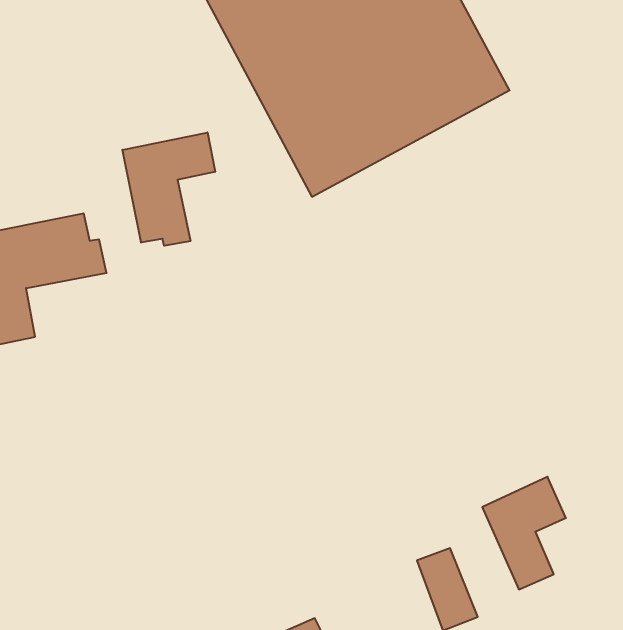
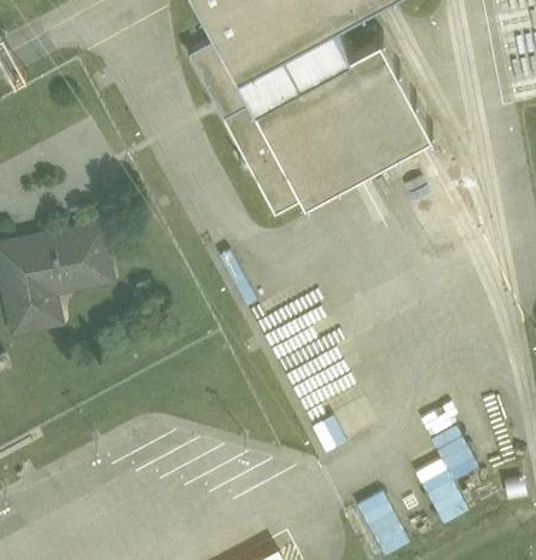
building: [122,132,215,246] -> none

